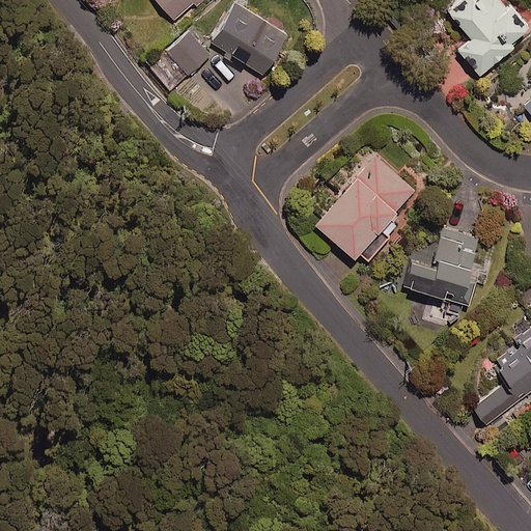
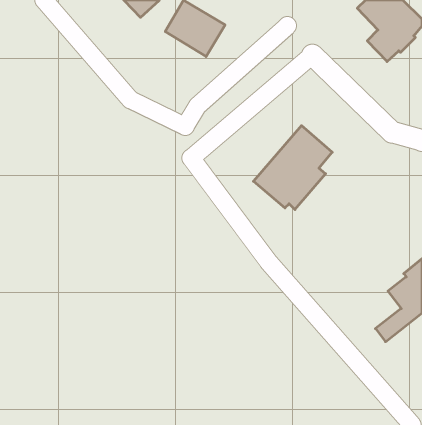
building: [166,32,209,75] -> none
building: [401,228,479,320] -> none

